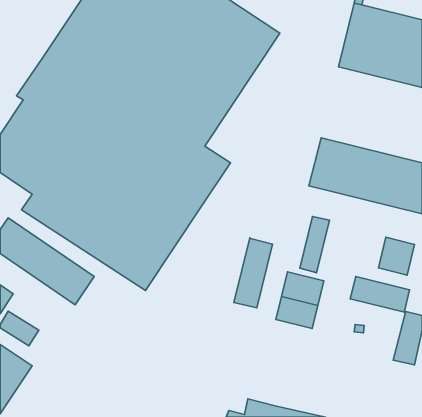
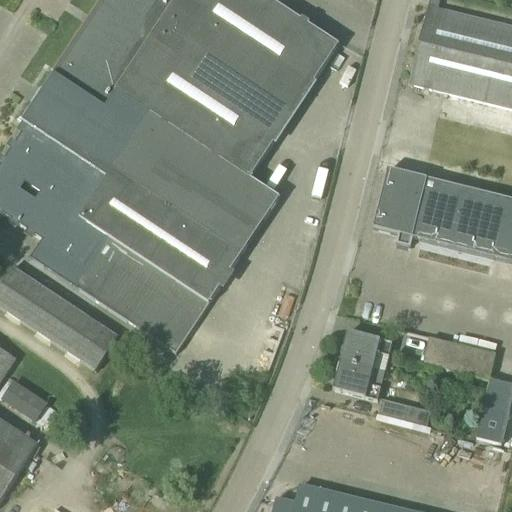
building: [300,216,330,273] -> none
building: [378,237,415,275] -> none
building: [234,238,273,308] -> none
building: none -> [379,396,431,424]

